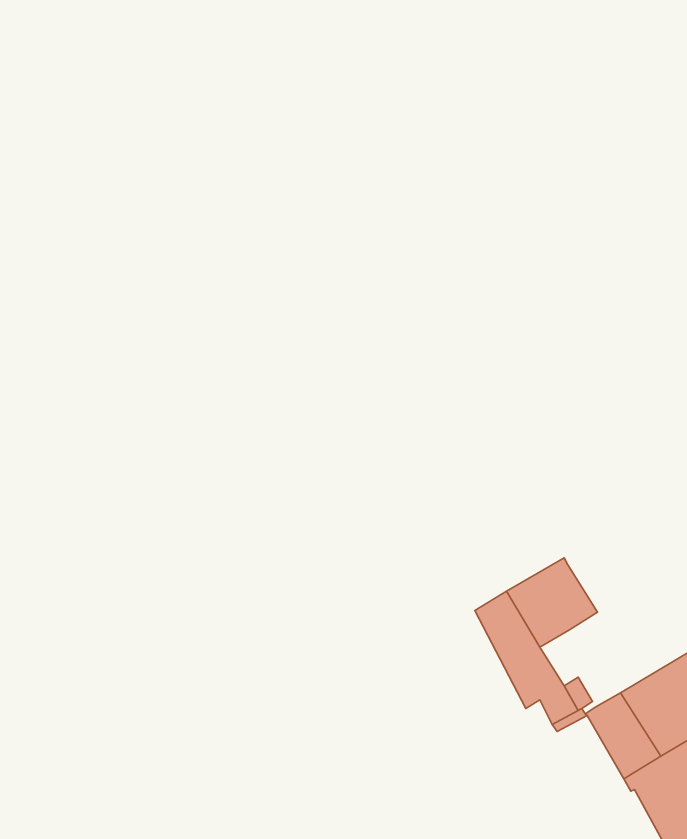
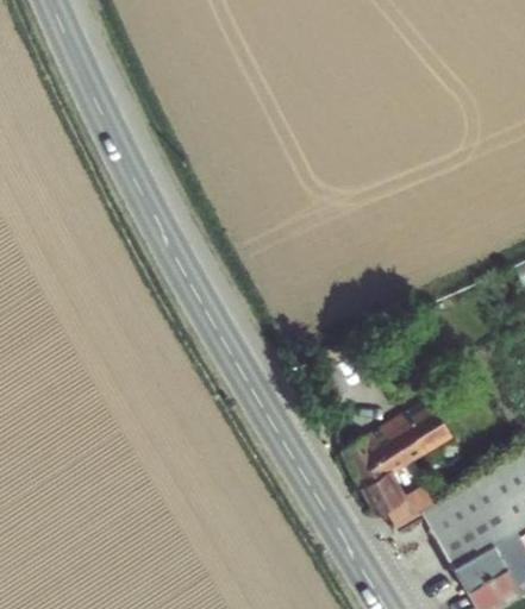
building: none -> [407,397,454,448]

